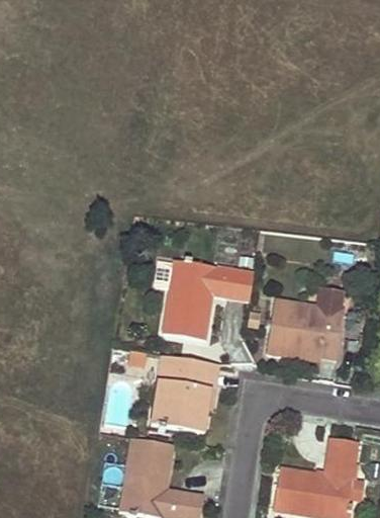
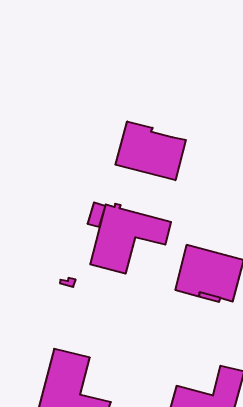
building: none -> [115,121,186,180]
building: [152,355,220,434] -> none

